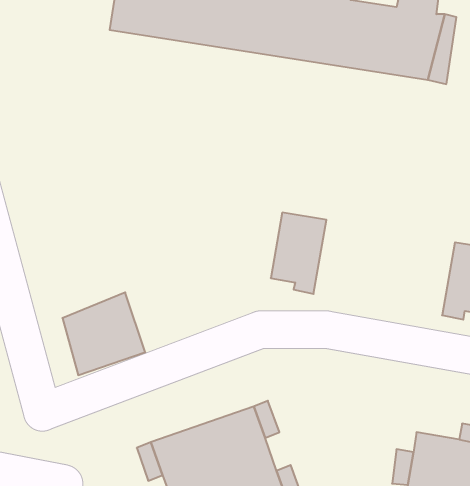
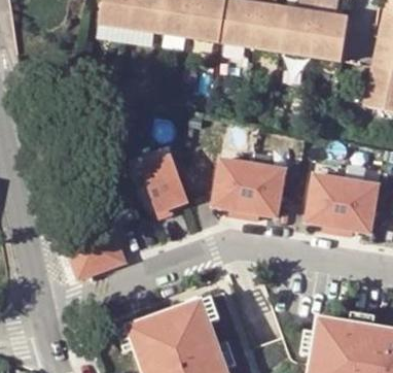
building: none -> [141,155,189,216]
building: none -> [244,163,285,218]
building: none -> [306,173,346,232]

